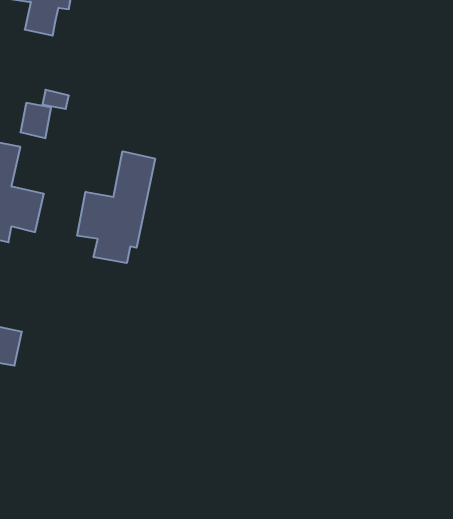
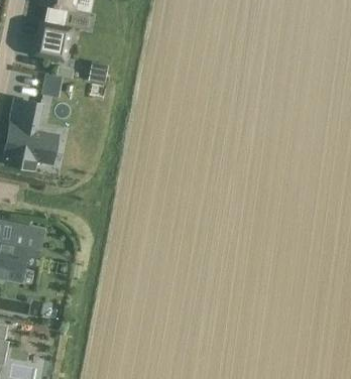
building: none -> [34,22,71,59]
building: [77,151,155,263] -> none

